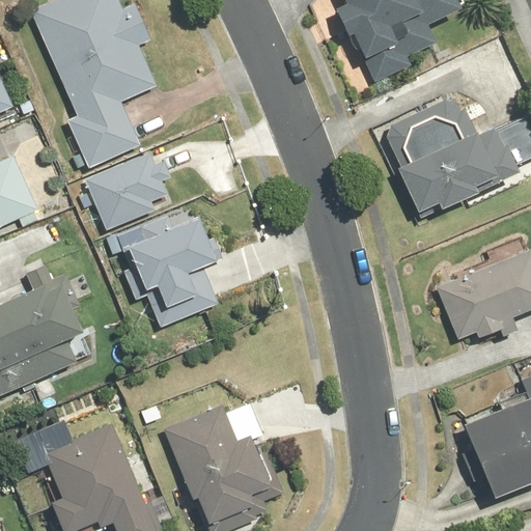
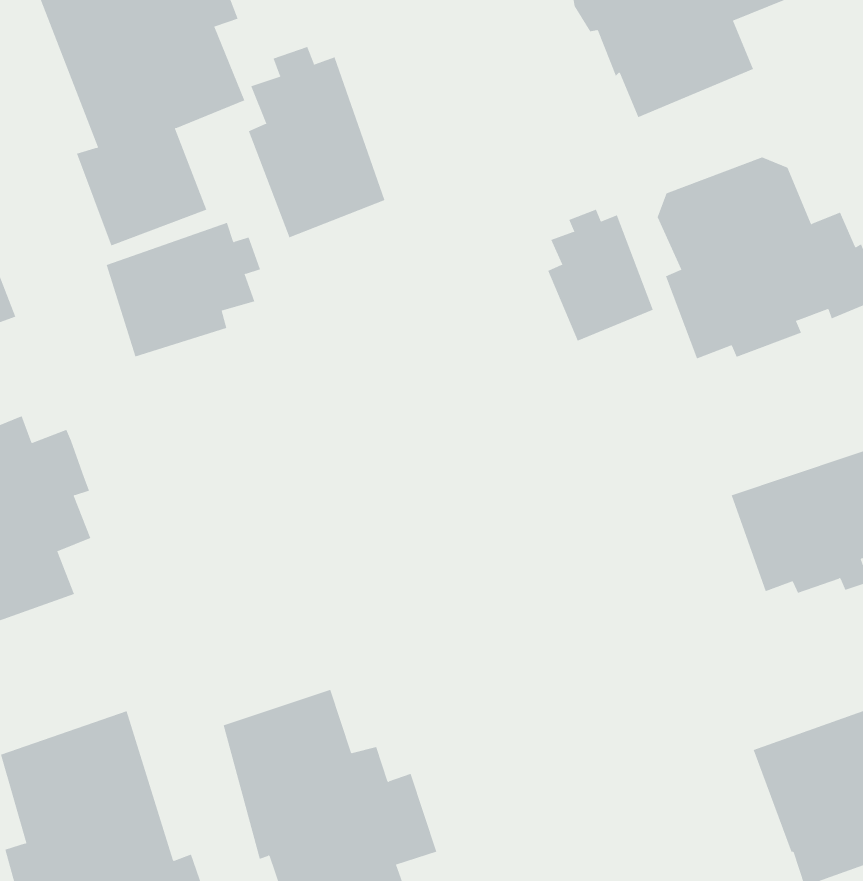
building: none -> [248,46,385,238]
building: none -> [548,209,653,342]
building: [109,215,223,327] -> none

